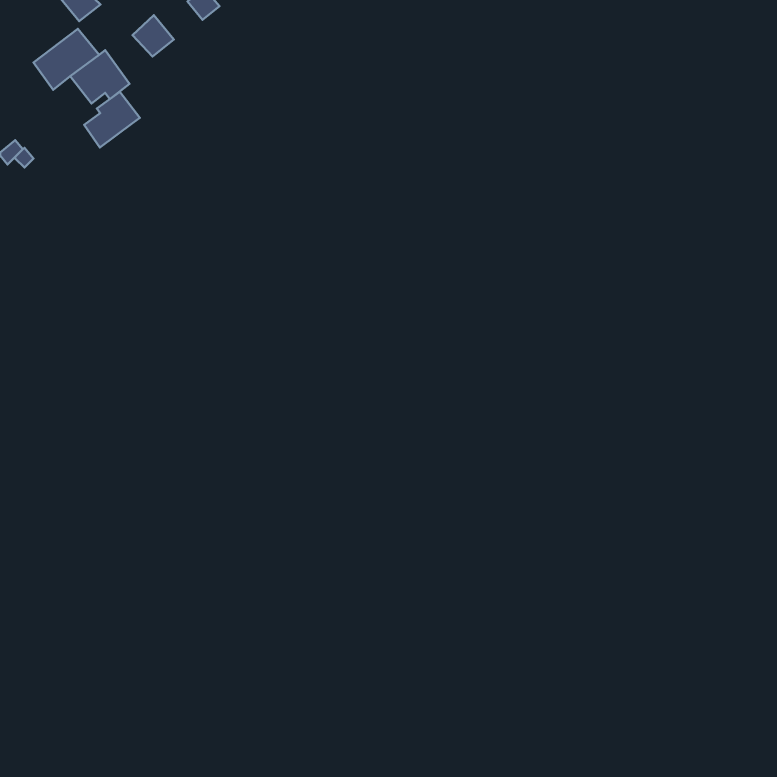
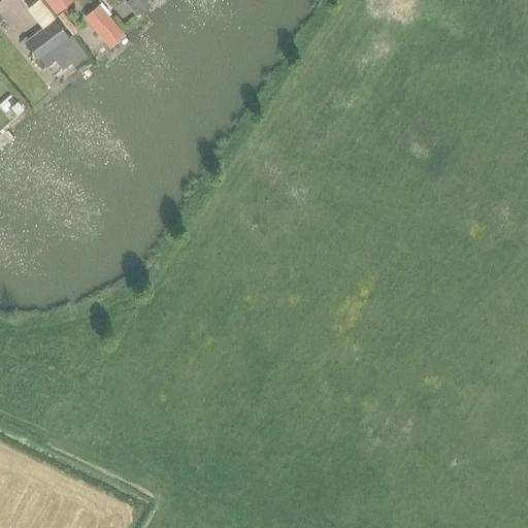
building: [84,92,140,147] -> none

